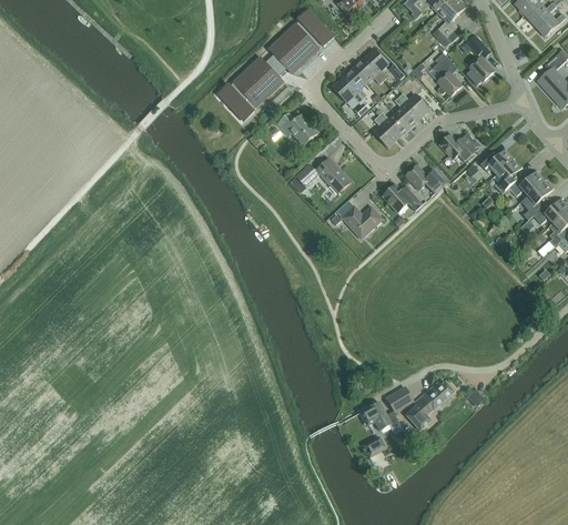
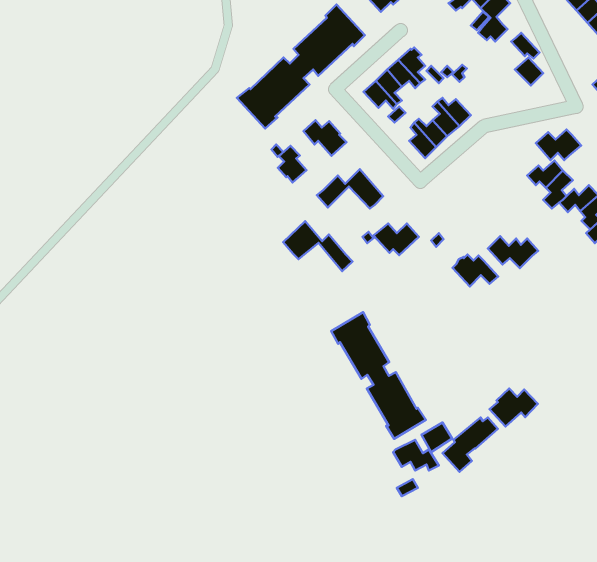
building: [427,55,462,97] -> none
building: [439,132,480,160] -> [536,130,581,160]
building: none -> [278,146,306,183]
building: [405,164,450,193] -> [488,236,538,268]
building: [382,184,423,213] -> [453,254,498,286]
building: none -> [283,221,353,271]
building: none -> [331,312,426,439]
building: none -> [489,389,538,427]

